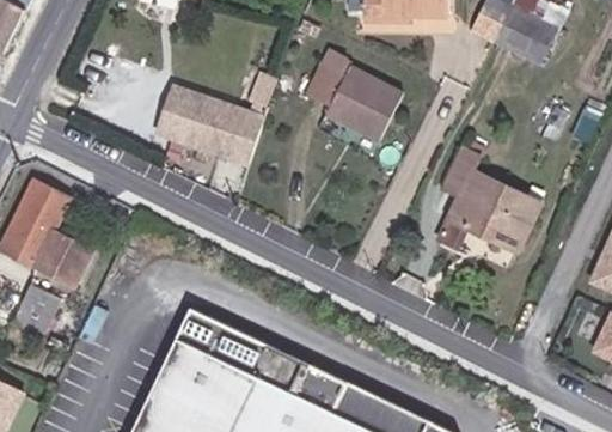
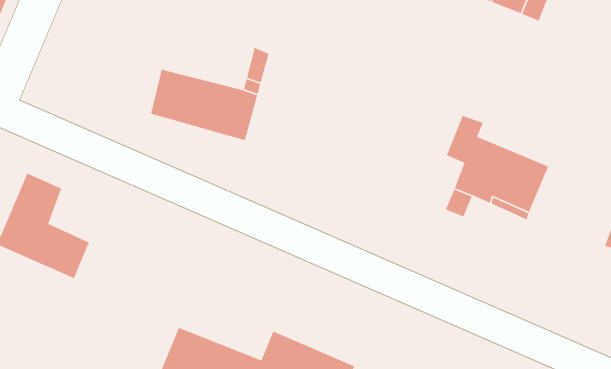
building: [307,62,402,142] -> none
building: [12,282,61,334] -> none
building: [175,309,265,373] -> none

